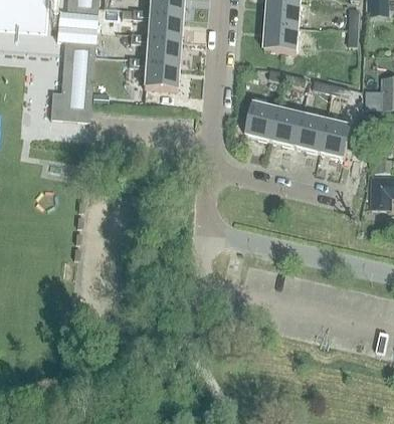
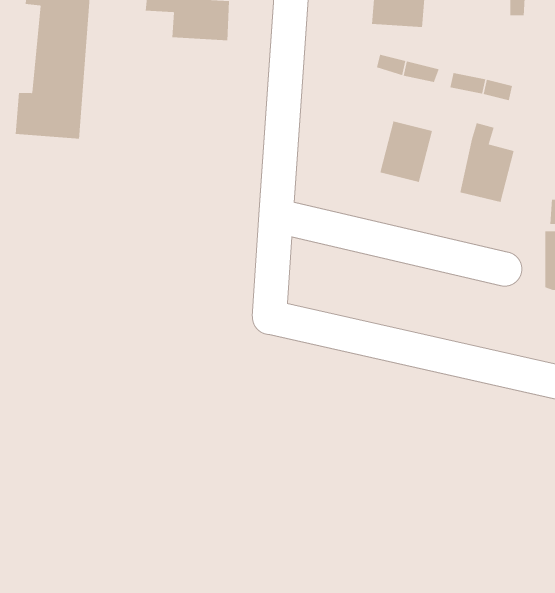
building: [127,57,178,89] -> none
building: [245,103,277,141] -> none
building: [293,116,325,153] -> none

